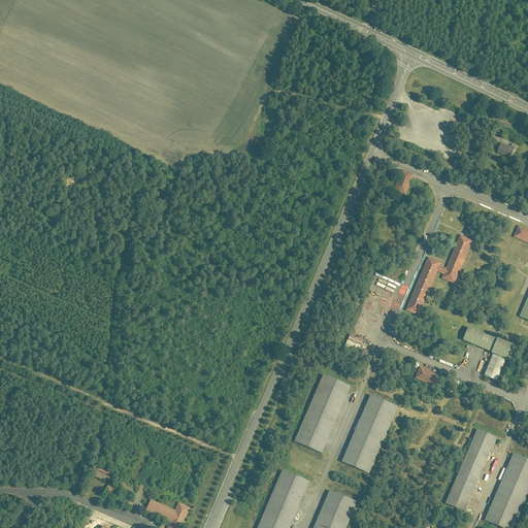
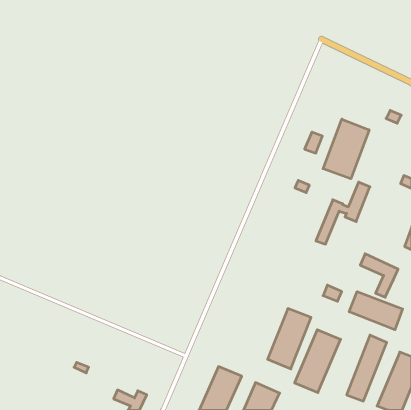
building: none -> [323,119,369,179]
building: [293,372,352,453] -> [295,330,341,393]
building: none -> [349,292,403,330]

